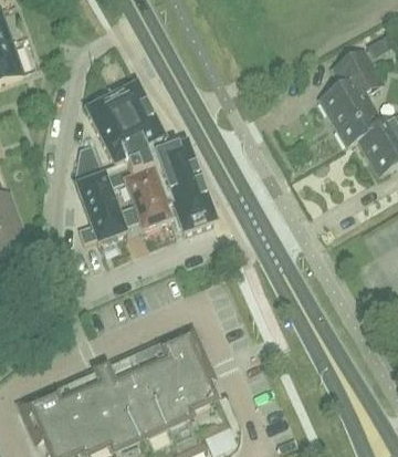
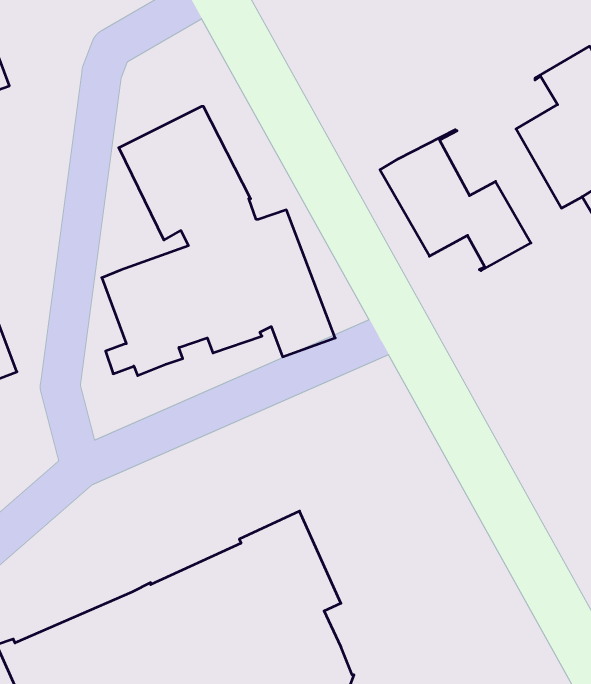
building: none -> [380,130,531,271]
building: [73,143,102,178] -> none

